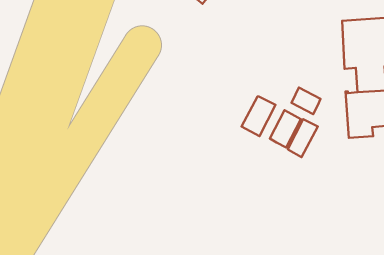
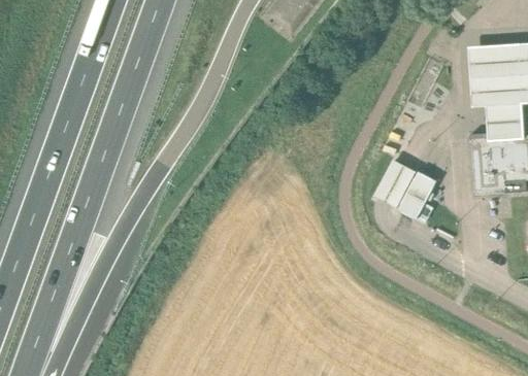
building: [291,88,321,114] -> none
building: [242,96,276,136] -> none

